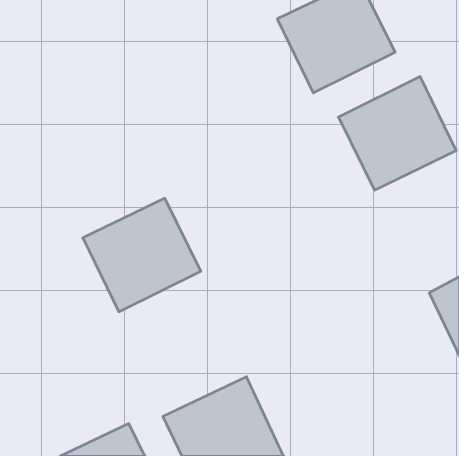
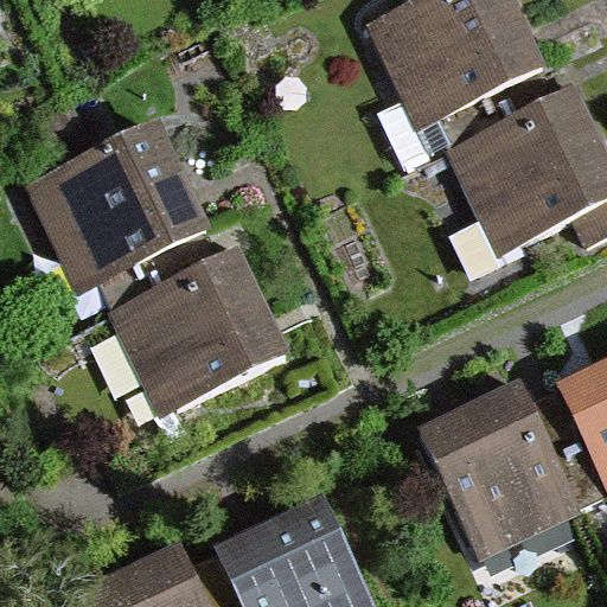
building: none -> [26,121,213,295]
building: none -> [422,394,573,560]

